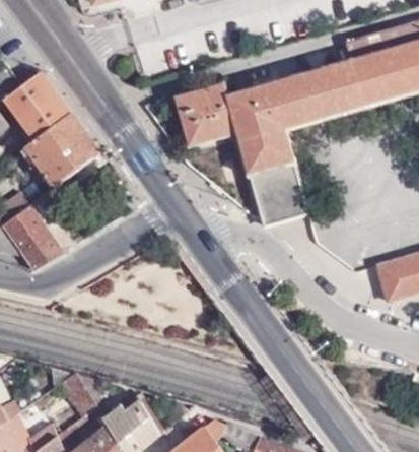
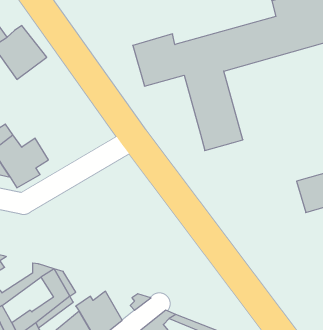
building: [22,111,96,186] -> none

